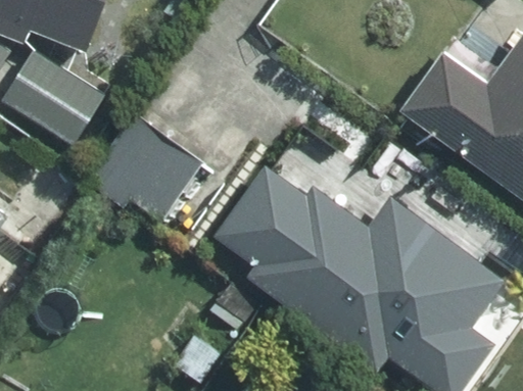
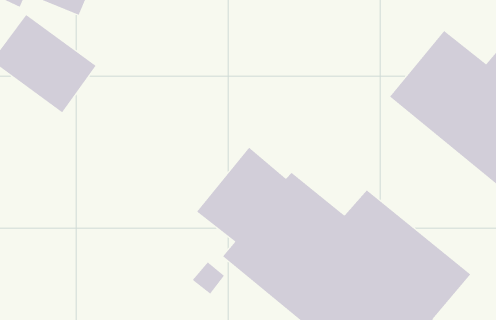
building: [93,117,205,228] -> none

